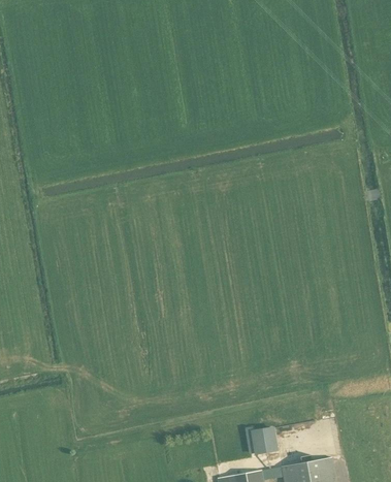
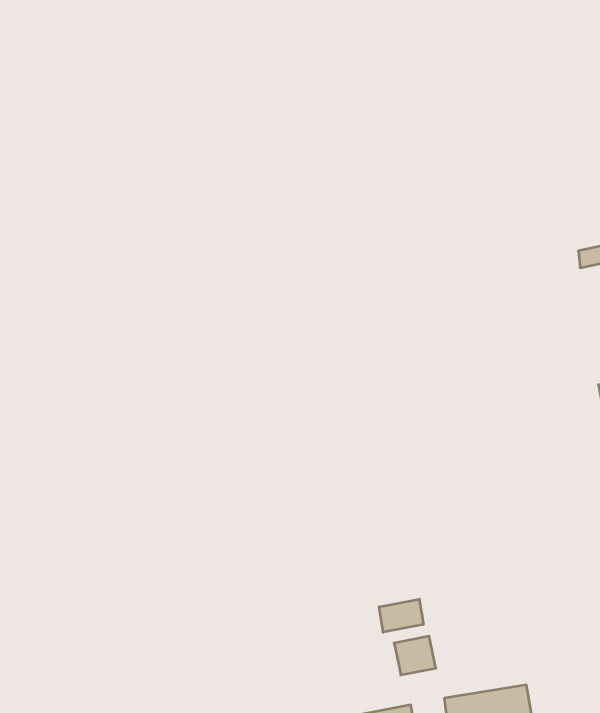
building: none -> [379,599,423,632]

